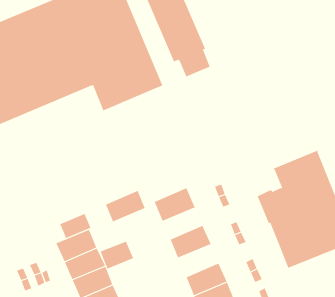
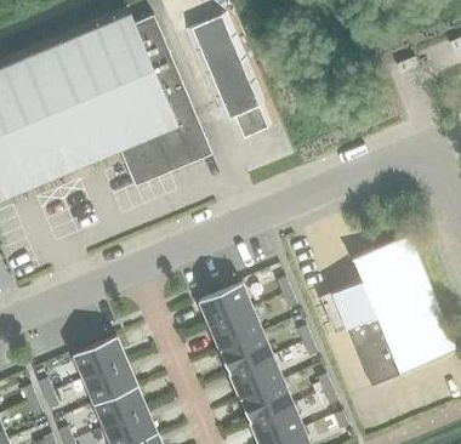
building: [105,190,146,222] -> [210,309,262,351]
building: [59,213,91,239] -> none
building: [100,241,134,270] -> none
building: none -> [229,357,283,399]

